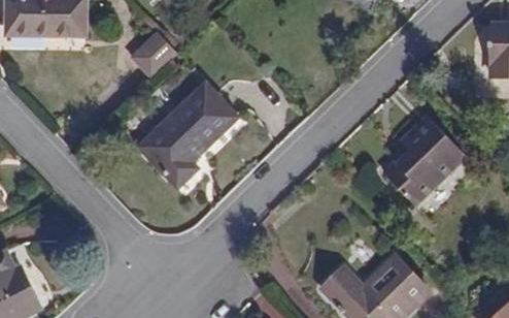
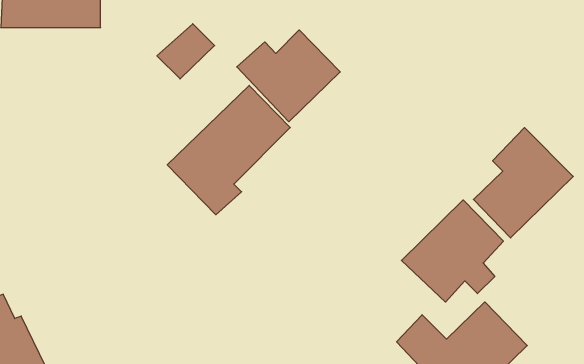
building: none -> [237,30,340,122]
building: none -> [401,200,503,302]

